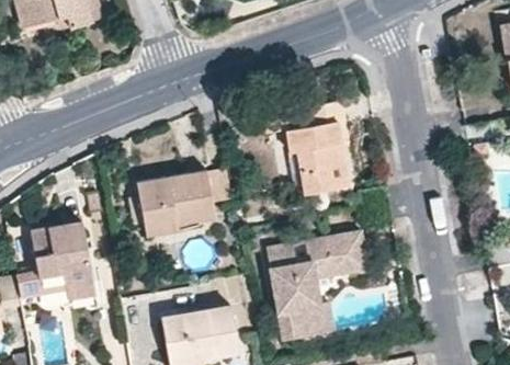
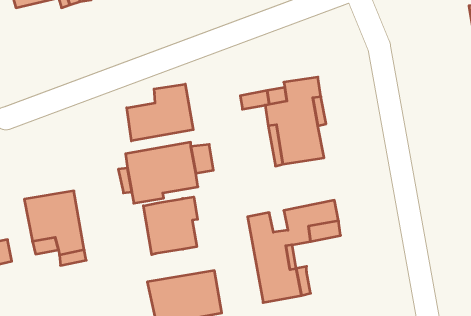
building: none -> [127,84,193,141]
building: none -> [143,197,198,255]

